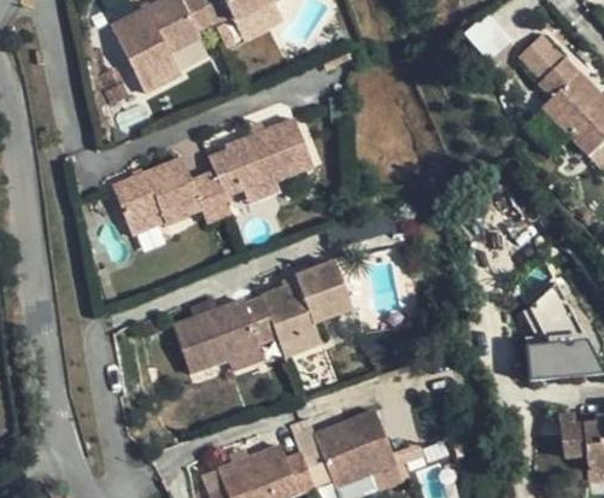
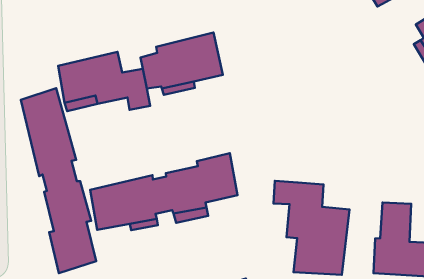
building: none -> [21,88,96,273]
building: none -> [273,181,349,275]

